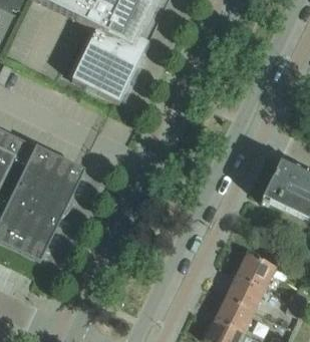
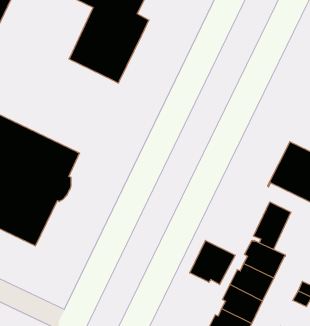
building: none -> [253,202,291,250]
building: none -> [190,240,235,285]

